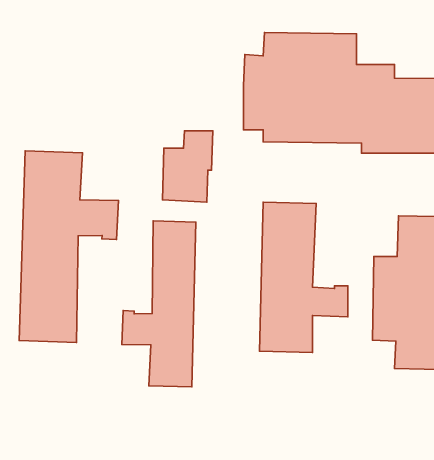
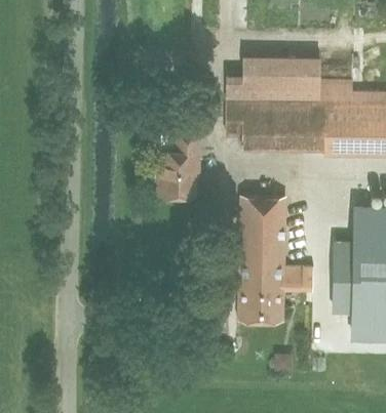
building: [19,151,119,342] -> none
building: [122,221,196,387] -> none

